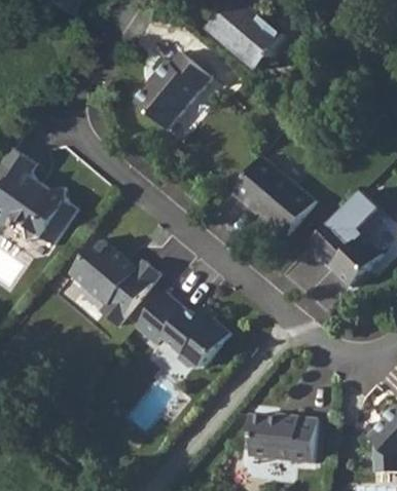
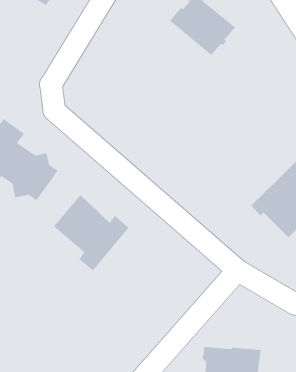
building: [135,52,212,129] -> none
building: [230,157,316,237] -> none
building: [135,291,230,368] -> none

